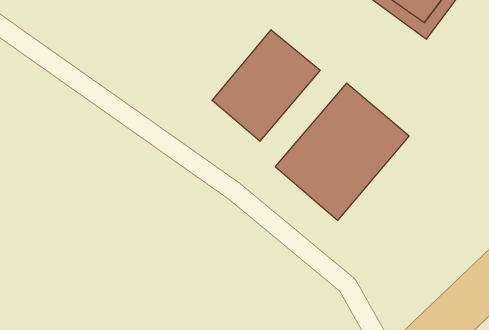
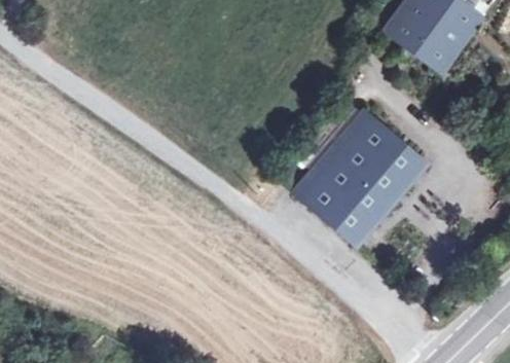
building: [212,30,320,141] -> none

